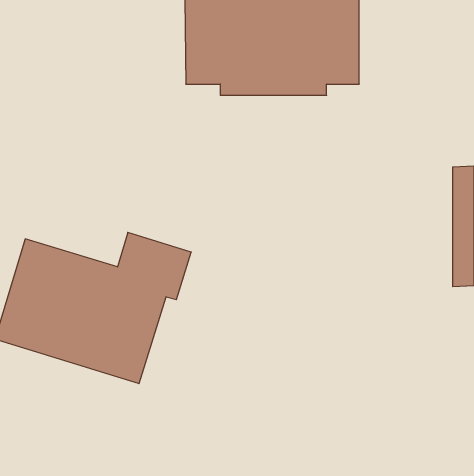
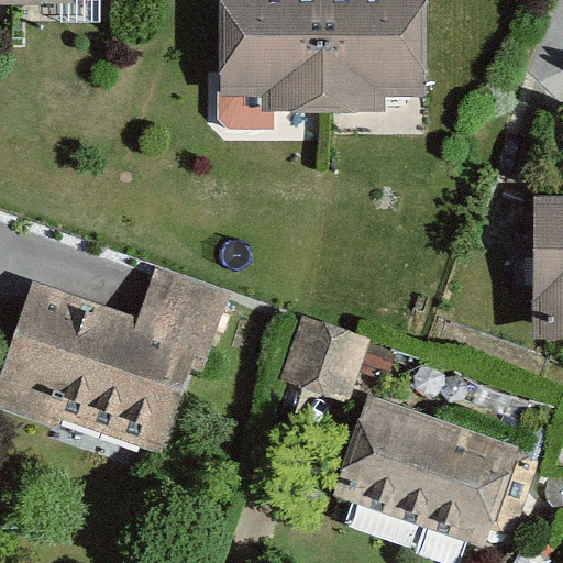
building: none -> [282,318,373,407]
building: none -> [334,398,517,547]

